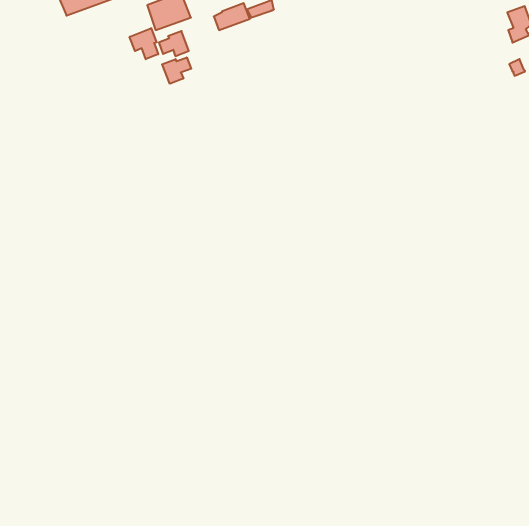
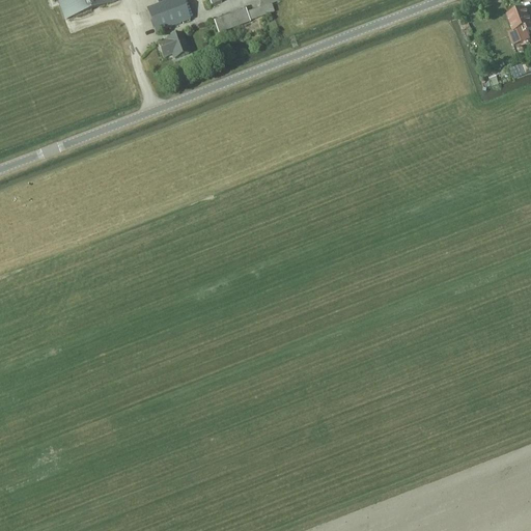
building: [130,28,158,59] -> none
building: [162,57,191,84] -> none

